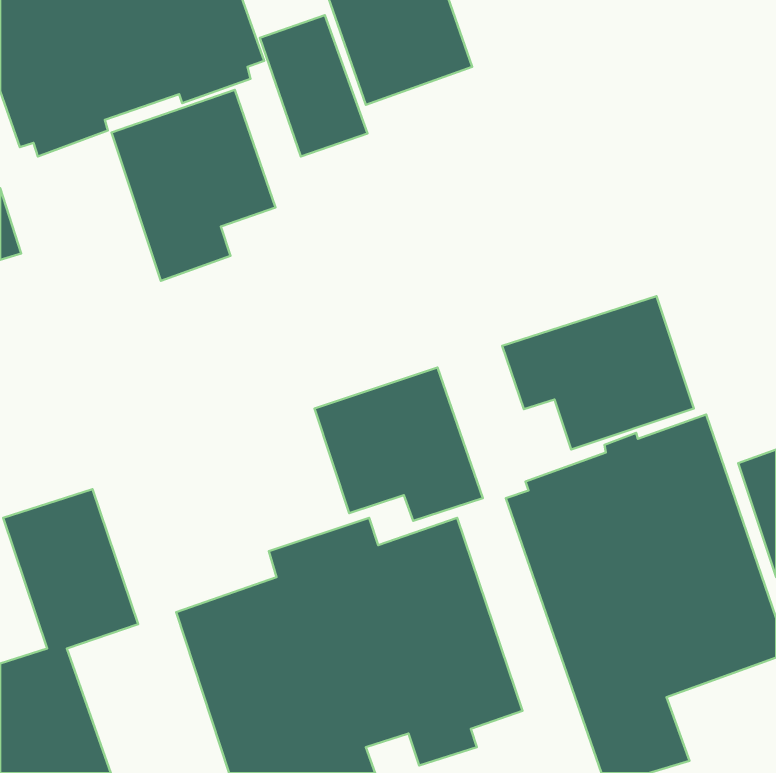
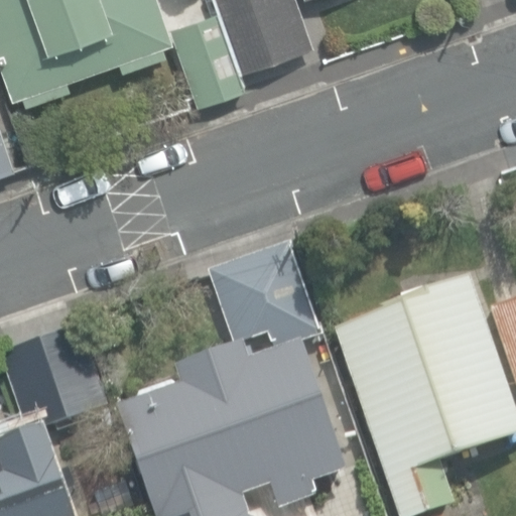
building: [111,90,275,281] -> none
building: [502,296,694,450] -> none

